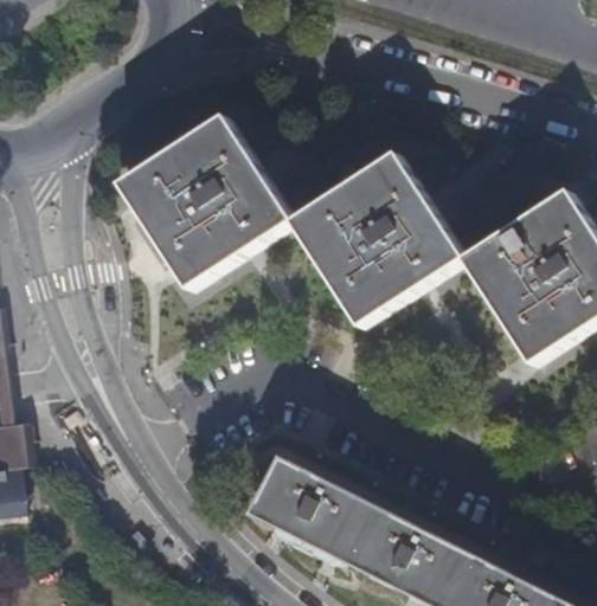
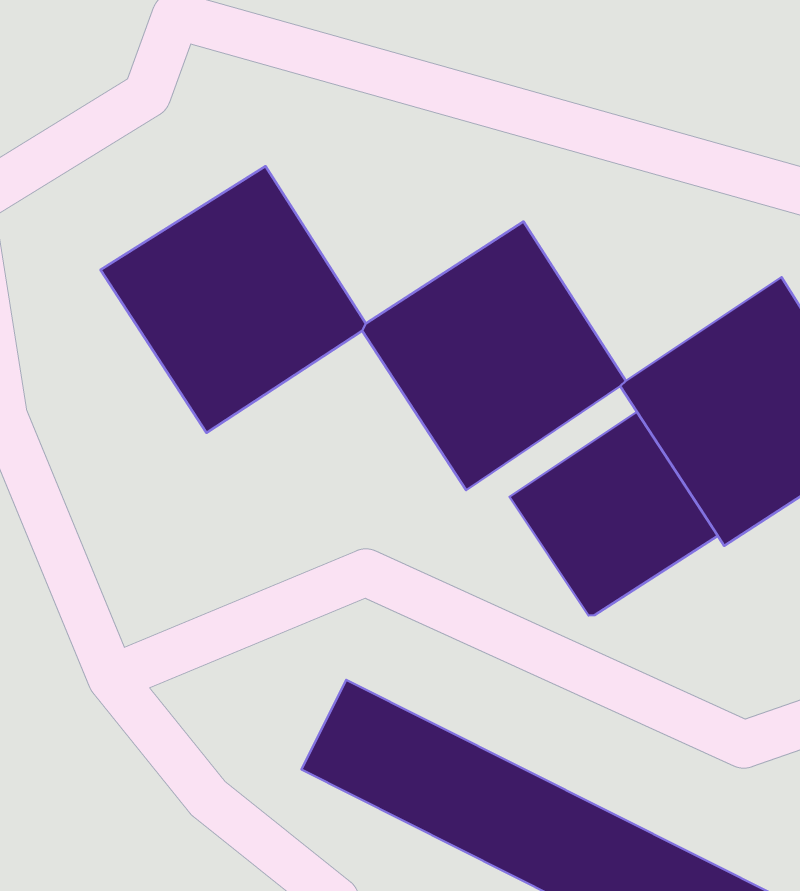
building: none -> [510,412,718,616]

